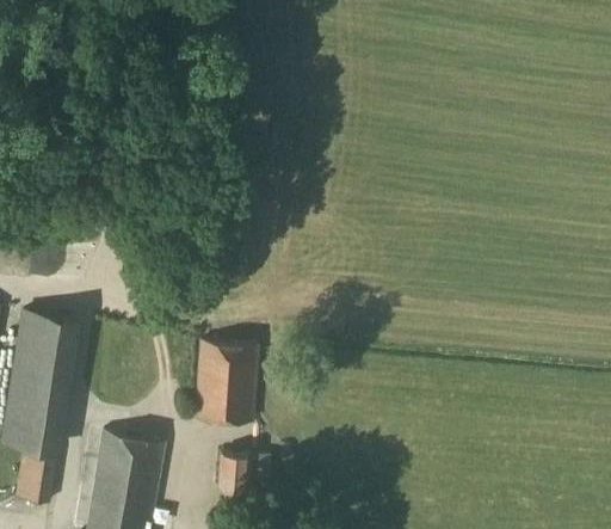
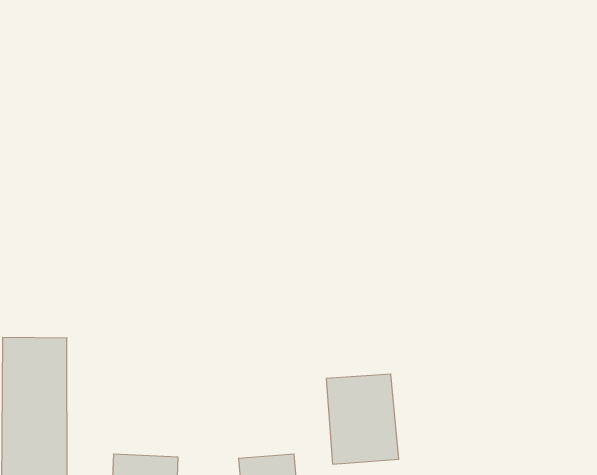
building: [193,340,259,424] -> [326,374,399,464]

